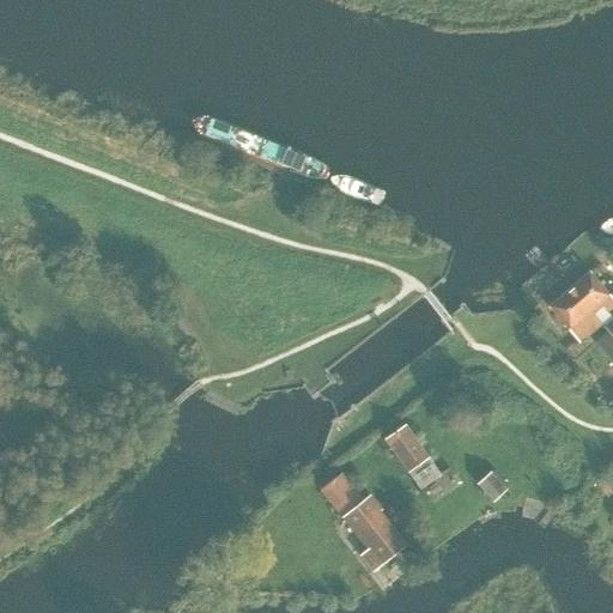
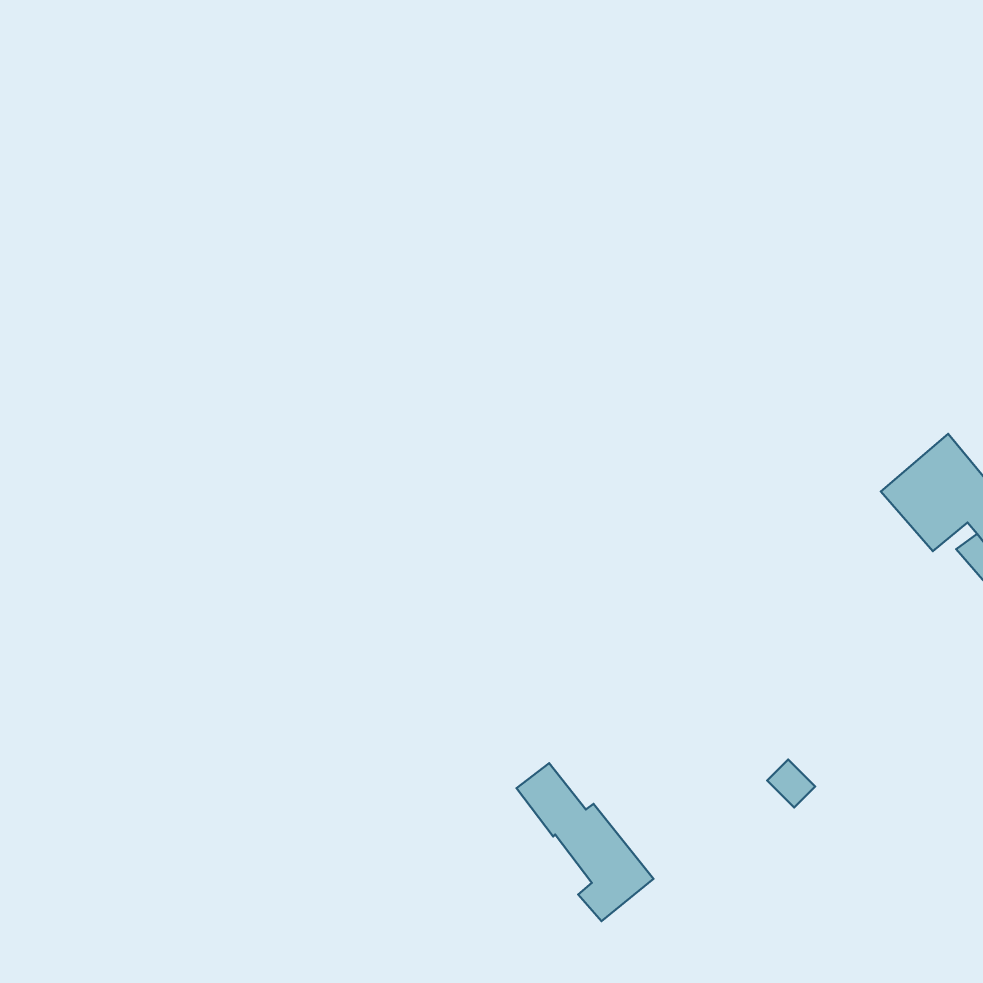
building: [386,424,442,488] -> none

